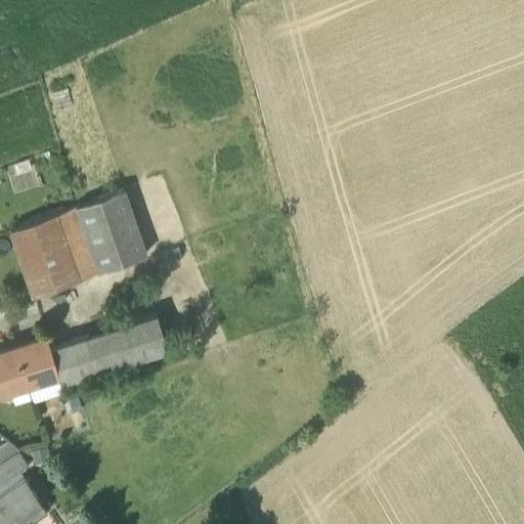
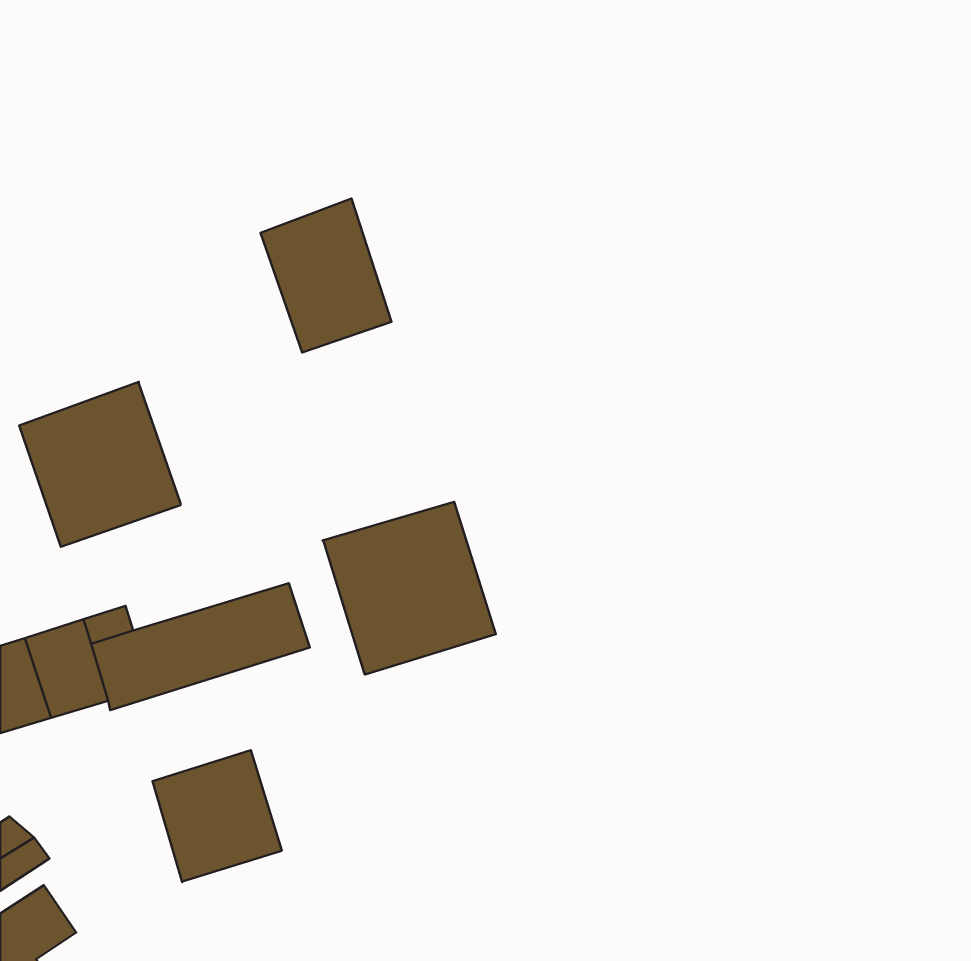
building: [75,193,145,276] -> [260,199,392,352]
building: none -> [322,502,496,675]
building: none -> [152,750,282,882]

